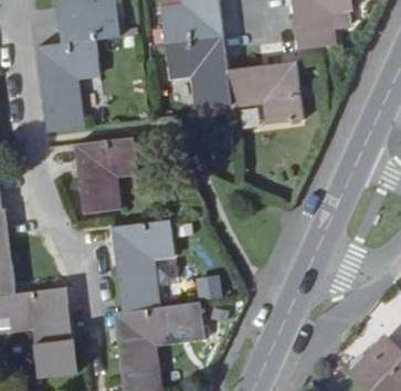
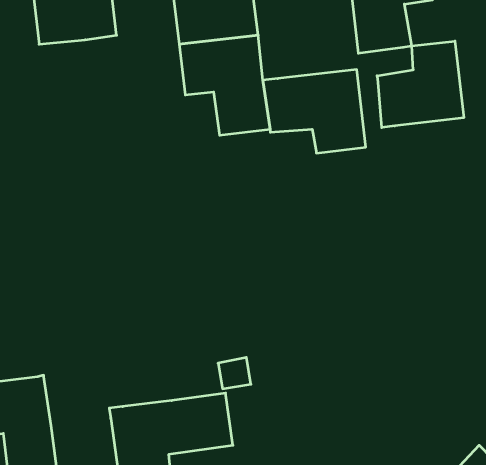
building: [36,40,99,134] -> none
building: none -> [377,41,464,128]
building: [74,138,137,213] -> none
building: [113,220,173,311] -> none

